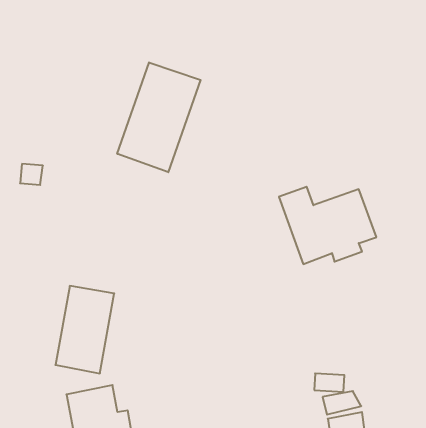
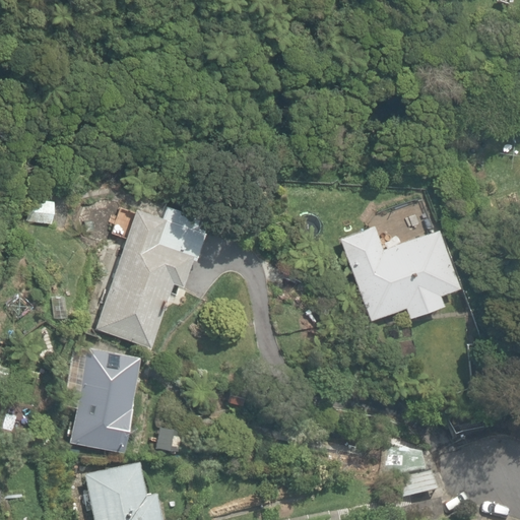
building: [117,62,201,172] -> none
building: none -> [95,206,211,348]

